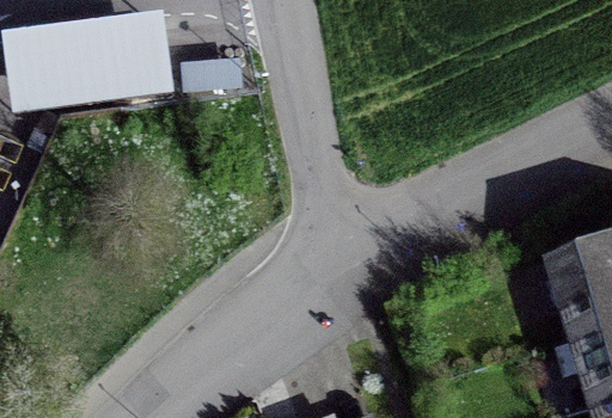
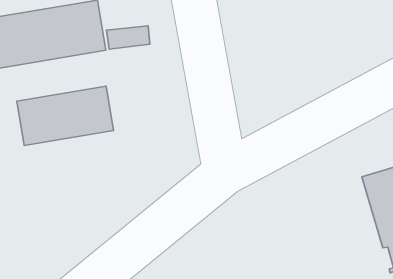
building: none -> [17,86,114,146]

